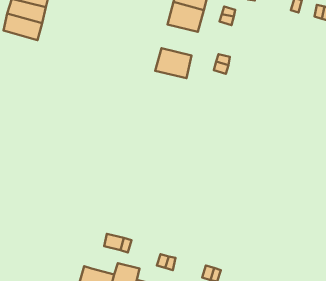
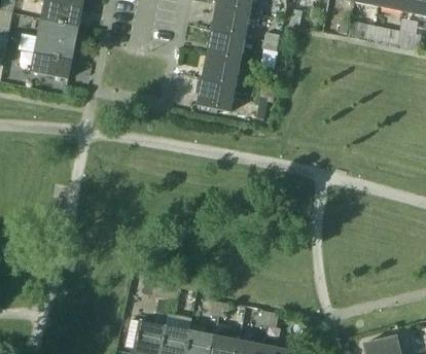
building: none -> [202,55,240,86]

